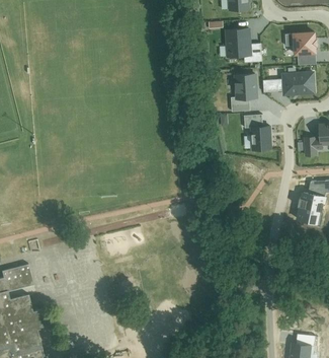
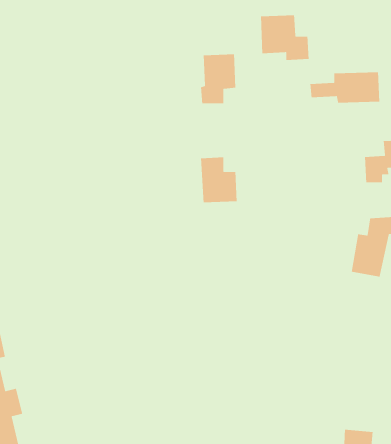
building: [286,29,319,65] -> none
building: [232,71,259,110] -> [200,54,236,104]
building: [245,114,273,149] -> [200,157,237,203]

